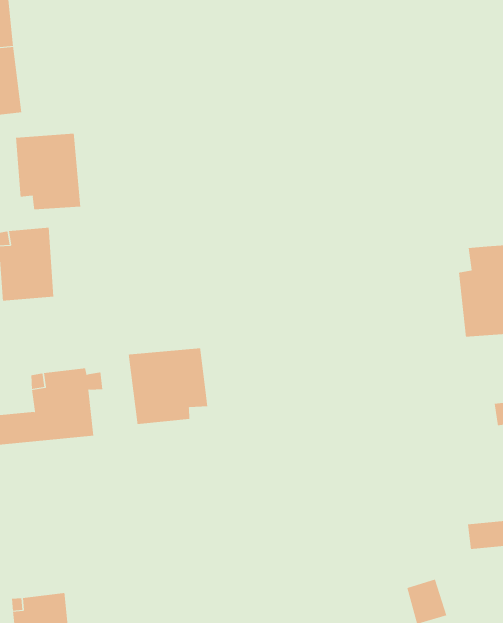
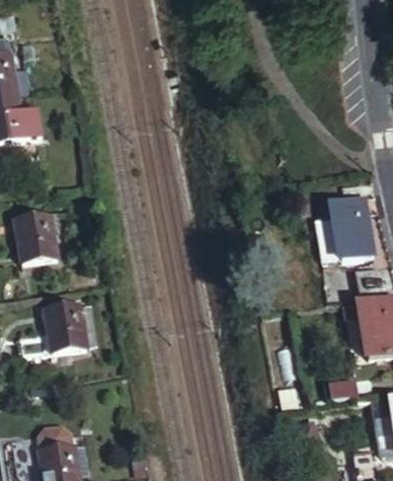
building: [15,133,81,210] -> none
building: [128,348,208,425] -> none

